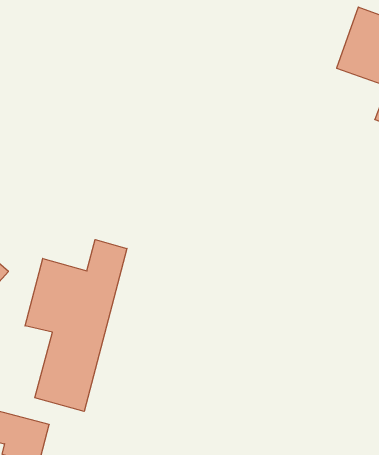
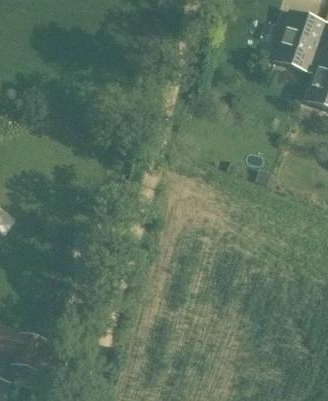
building: [25,240,127,411] -> none

